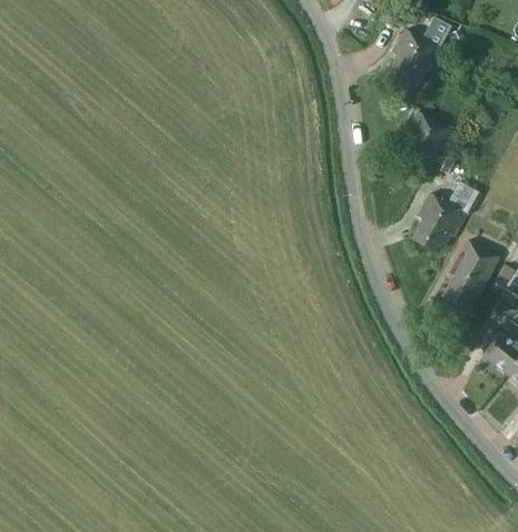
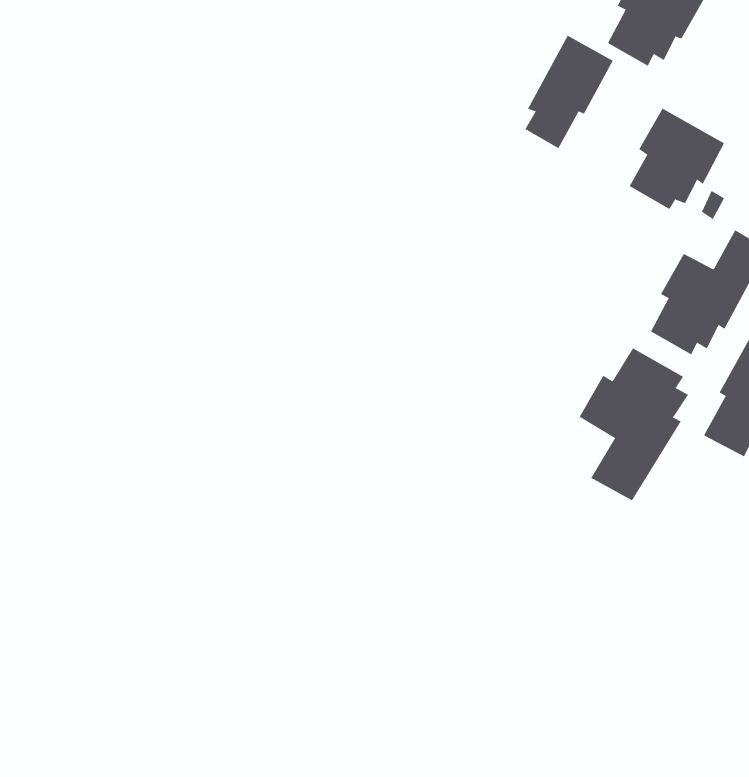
building: none -> [524,35,614,149]
building: none -> [579,348,689,501]

